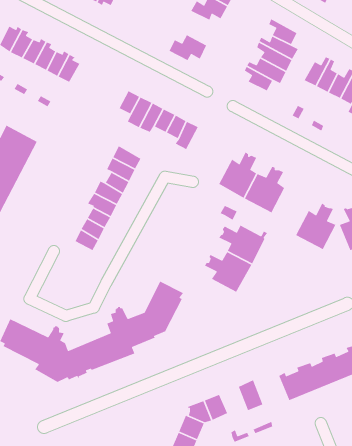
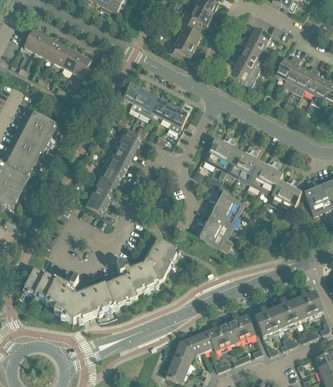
building: none -> [176,17,201,45]
building: none -> [248,156,281,195]
building: none -> [231,312,255,340]
building: none -> [205,320,228,351]

